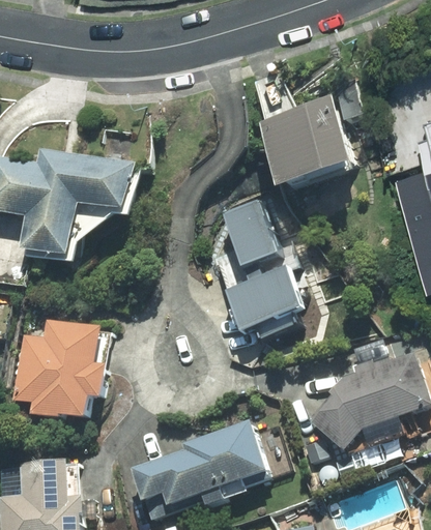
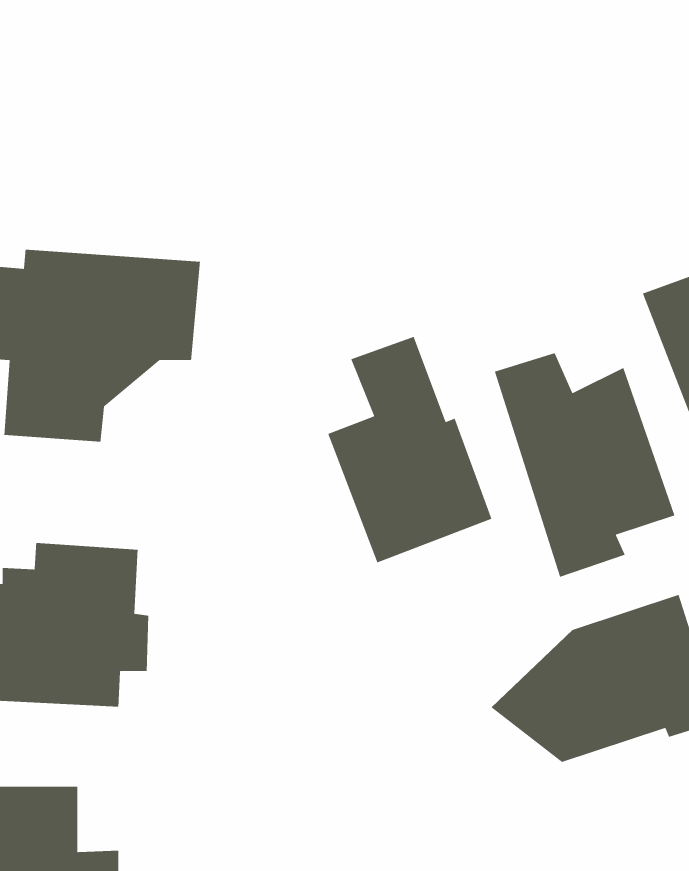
building: [258,93,365,192] -> none
building: none -> [494,352,675,578]
building: [127,420,280,506] -> none

